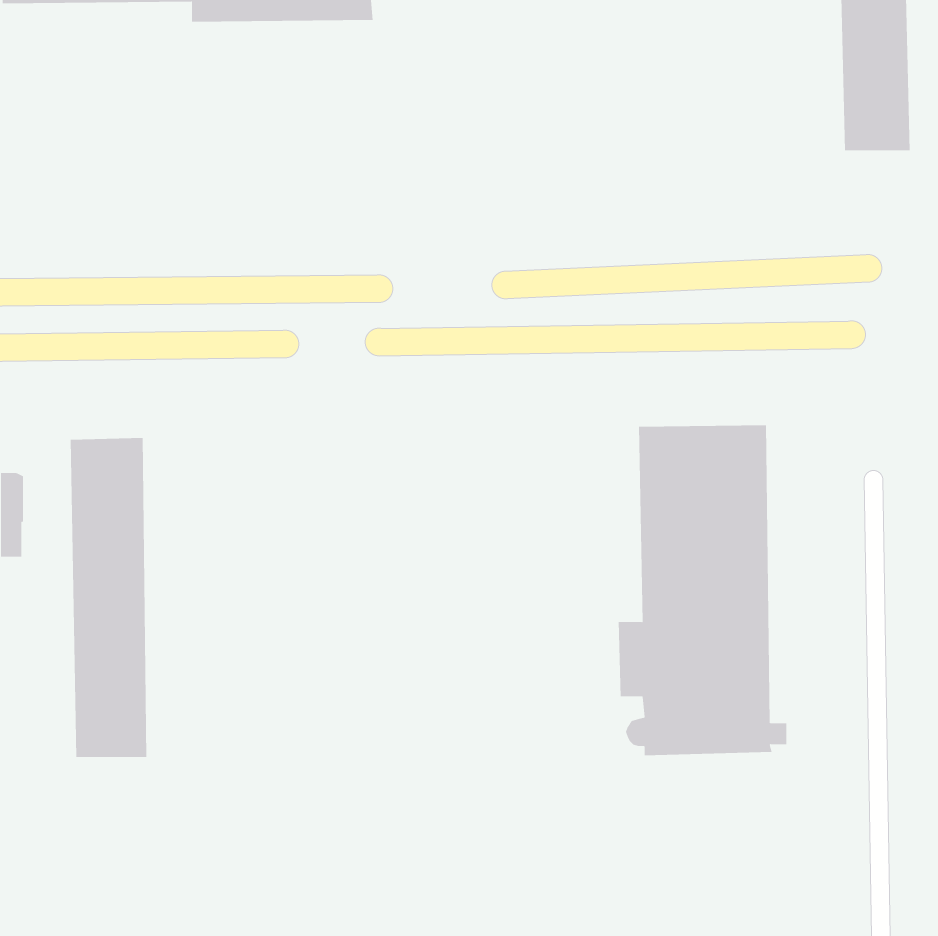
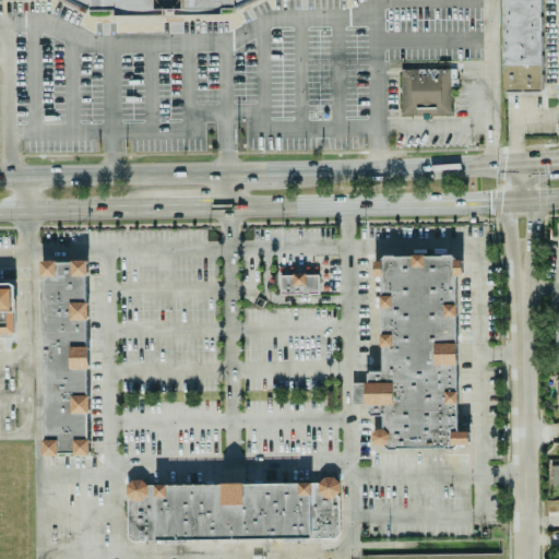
building: none -> [401,67,451,111]
building: none -> [281,272,320,293]
building: none -> [127,474,341,538]

